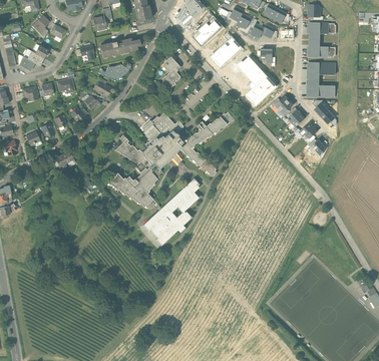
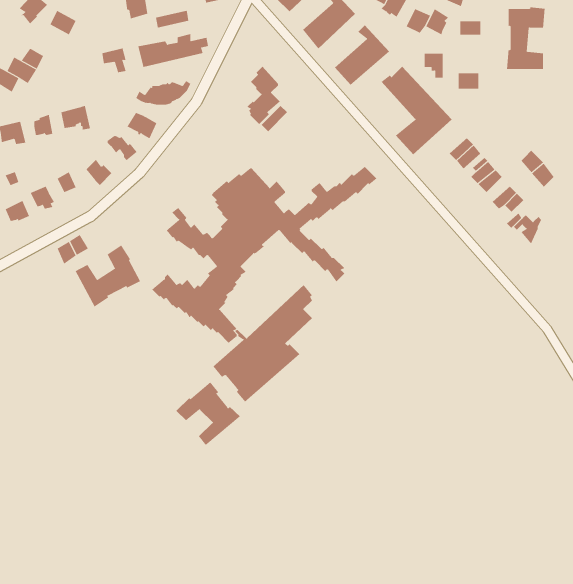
building: [306,62,335,97] -> none
building: none -> [75,245,141,308]
building: none -> [175,382,241,446]

